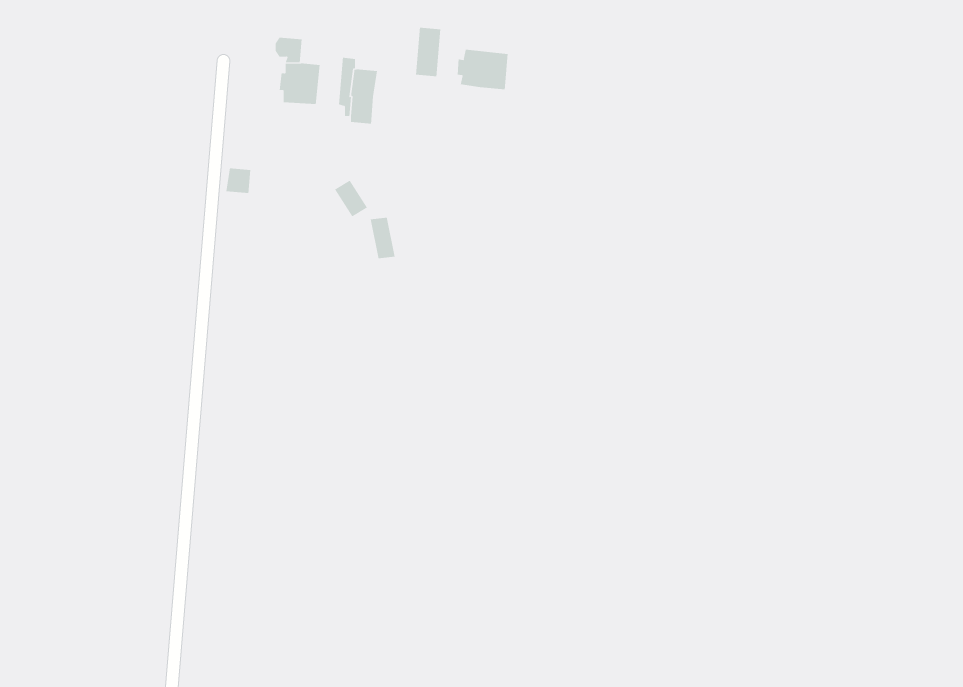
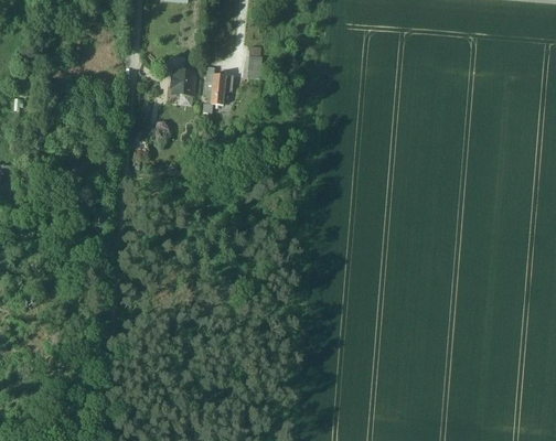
building: [457,49,508,90] -> none

